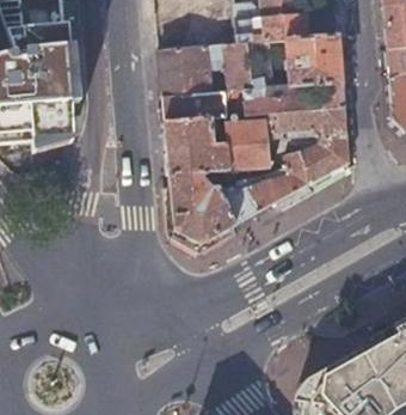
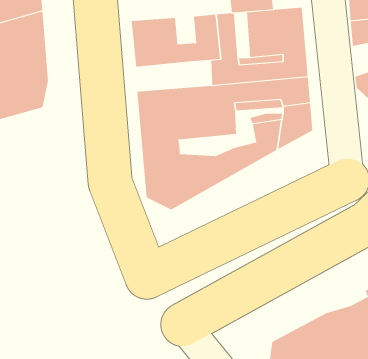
building: [164,90,224,121] -> none

